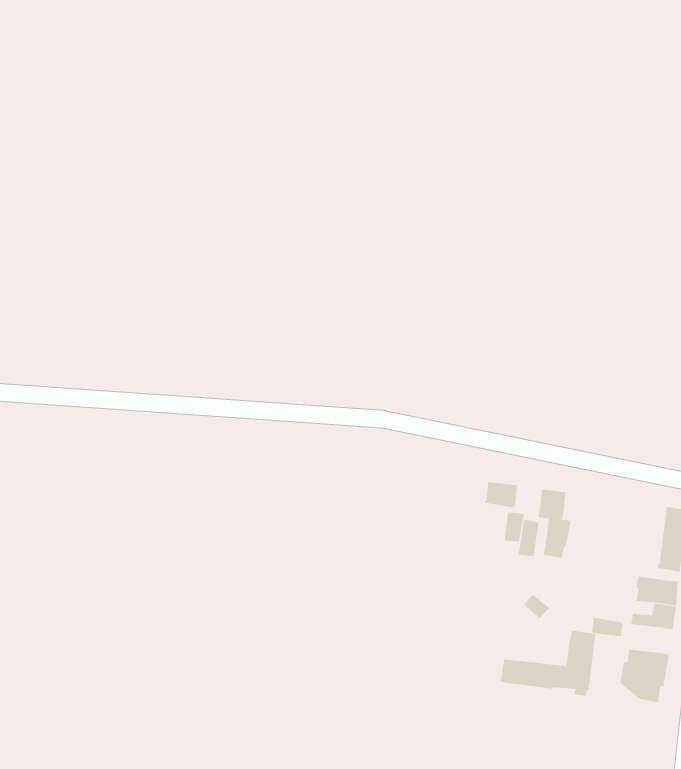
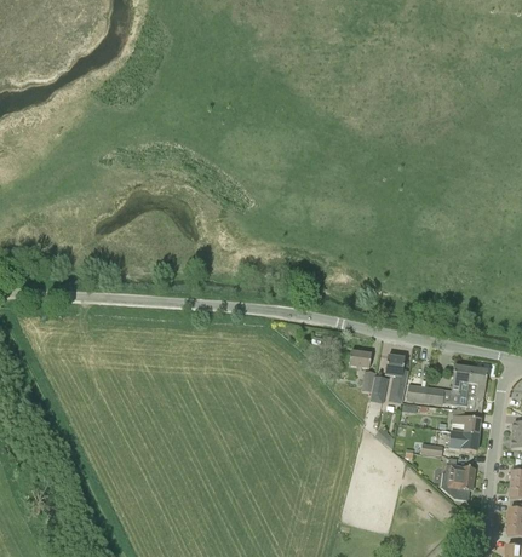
building: [500,630,596,696] -> [406,364,471,409]

